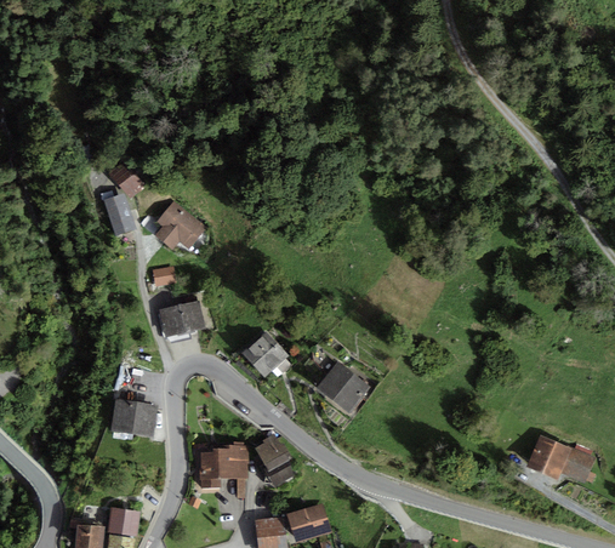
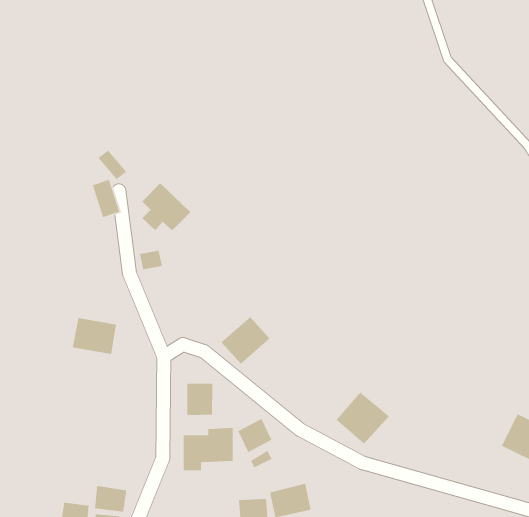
building: [161,298,206,333] -> none
building: [314,364,370,418] -> [335,391,390,445]
building: none -> [187,383,213,416]
building: [107,403,153,441] -> [72,317,117,355]

